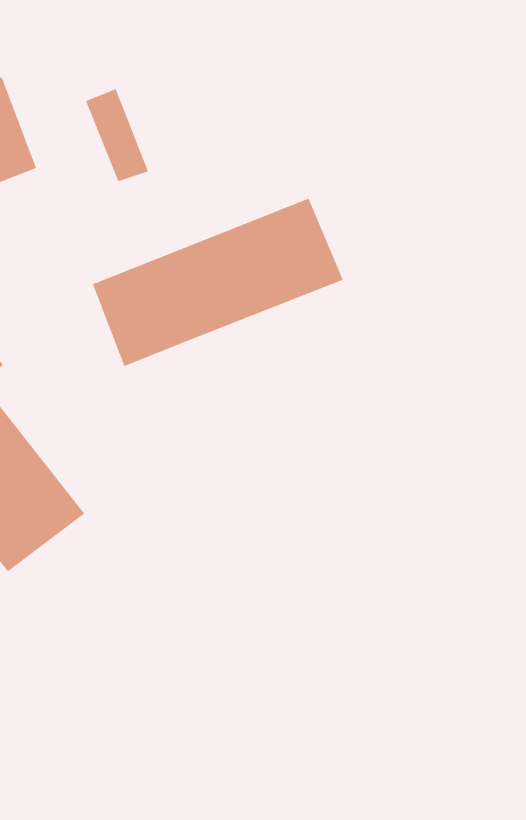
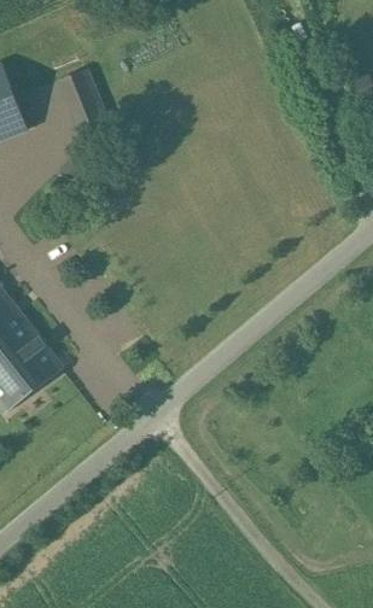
building: [92,198,343,367] -> none

